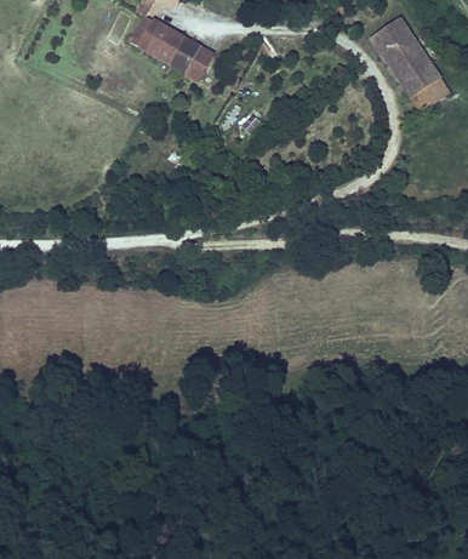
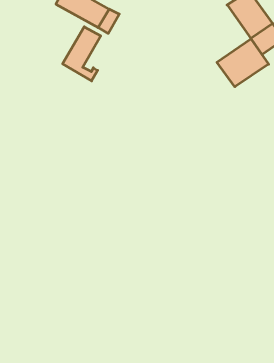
building: none -> [63,27,101,81]
building: none -> [217,39,269,87]

